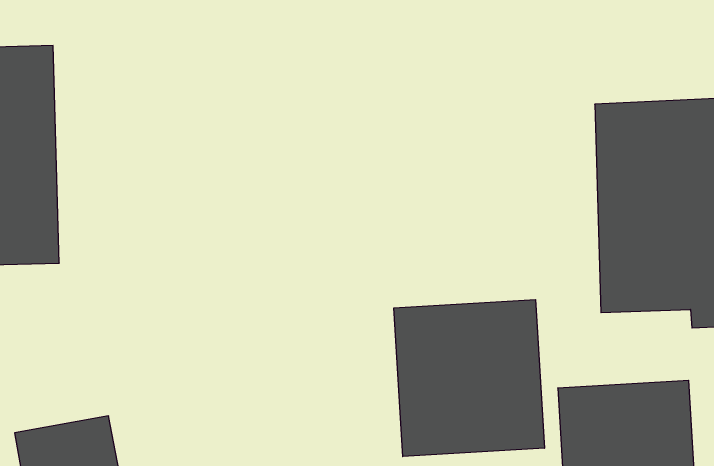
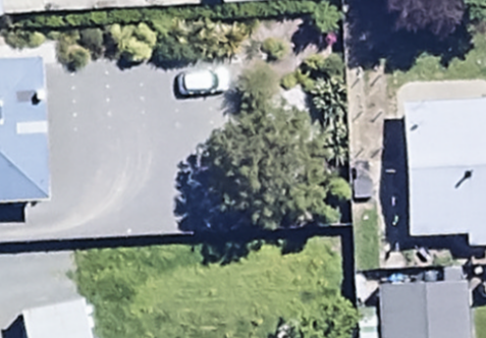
building: [394,300,544,457] -> none

